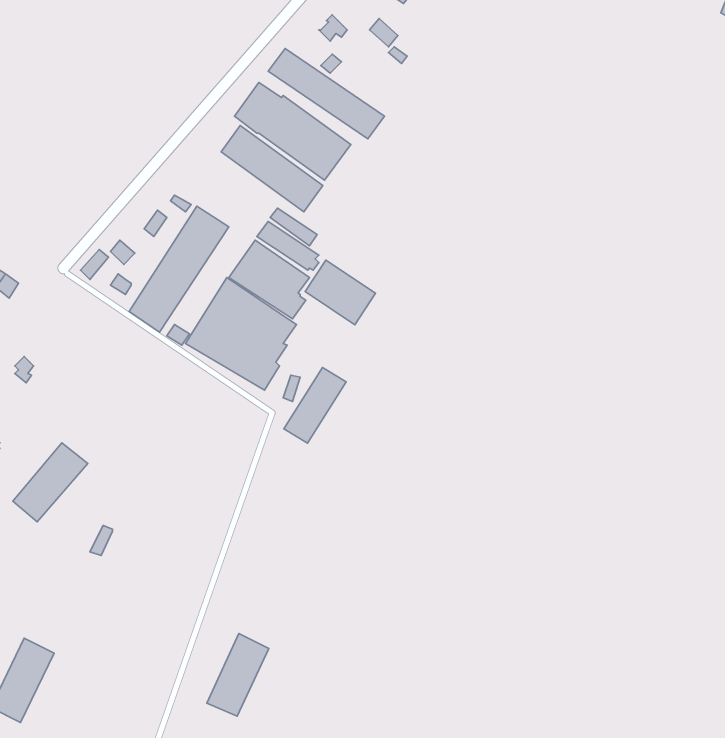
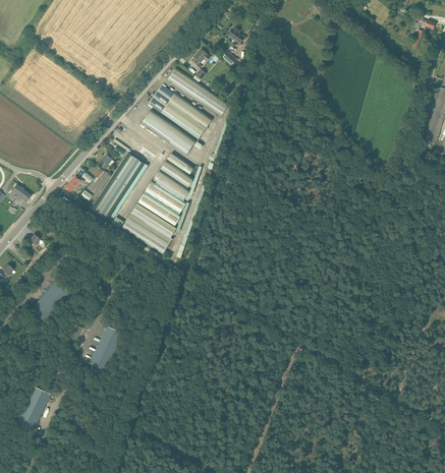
building: [305,260,375,325] -> none
building: [284,368,346,443] -> none
building: [207,634,269,716] -> [89,326,122,370]

